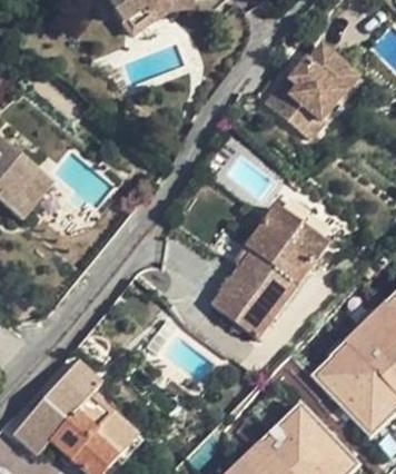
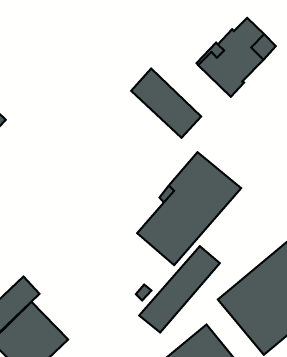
building: none -> [131,68,201,138]
building: none -> [139,246,220,333]

